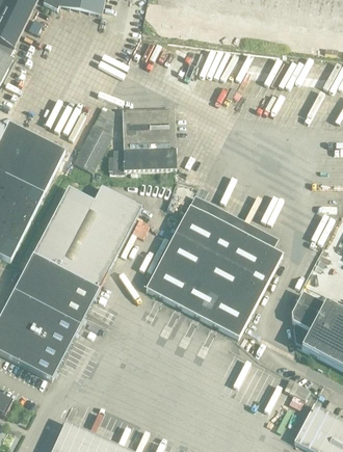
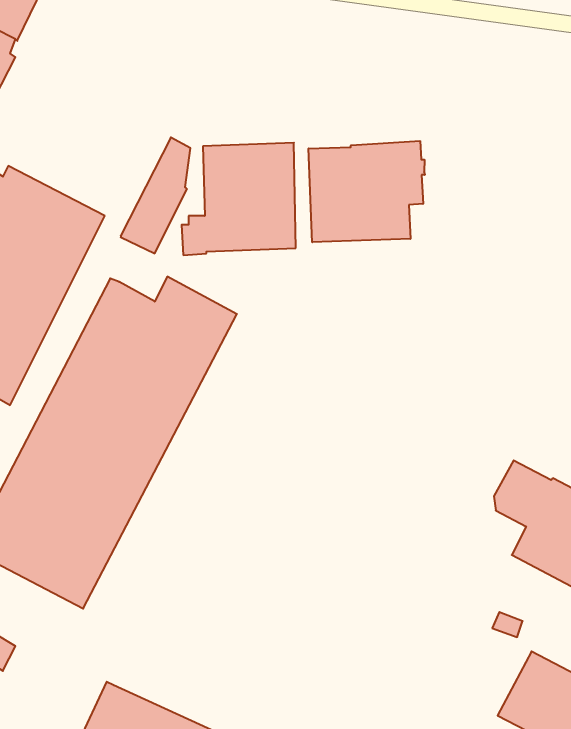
building: none -> [309,141,425,242]
building: [146,194,283,337] -> none

